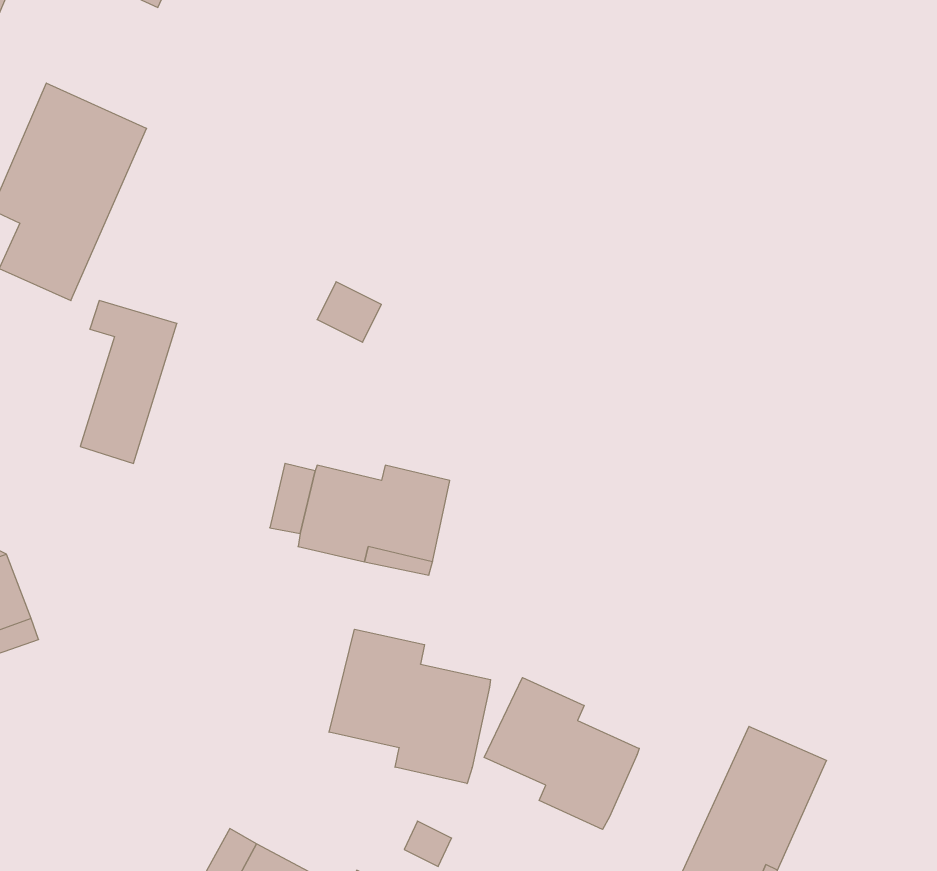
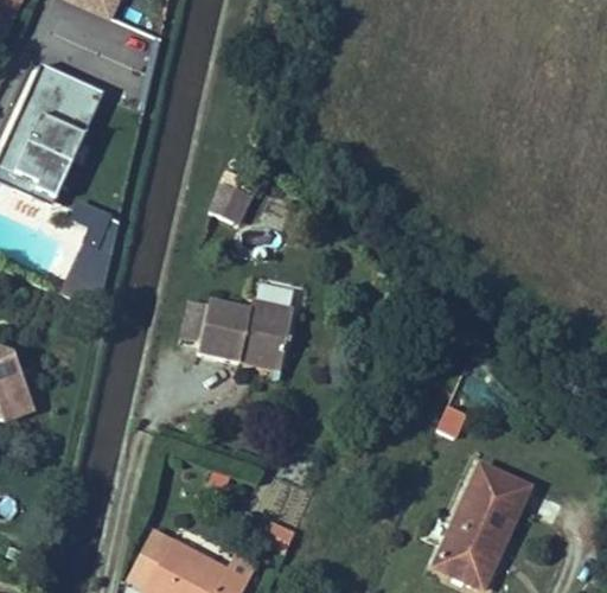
building: [329,629,491,784] -> none
building: [484,678,639,829] -> none

